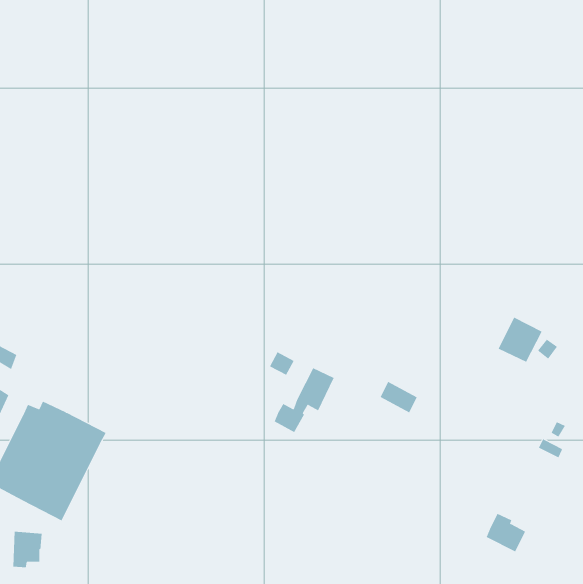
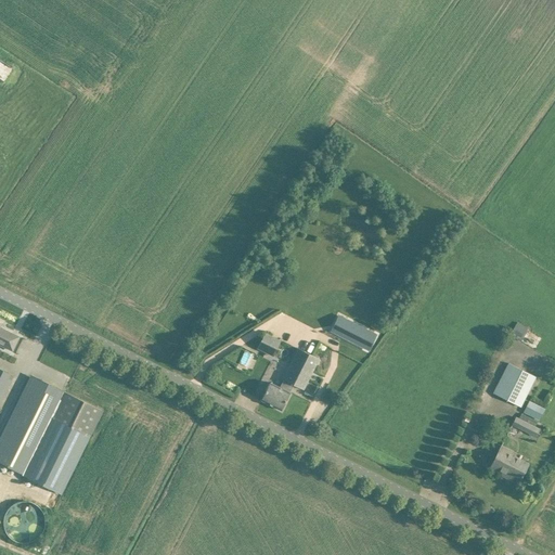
building: [498,317,543,362] -> [491,362,533,405]
building: [380,381,418,413] -> [337,319,373,349]
building: [486,513,526,552] -> [488,446,526,482]

